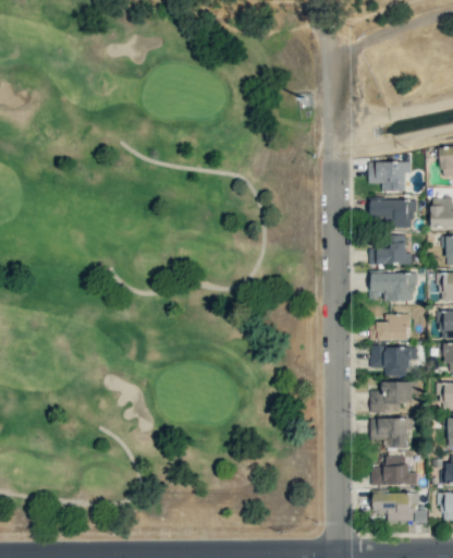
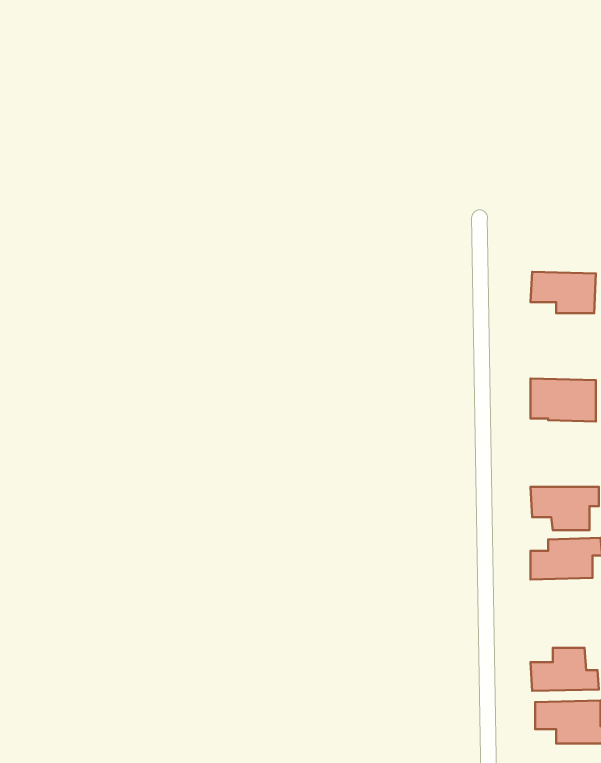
building: [368,161,411,192] -> none
building: [369,235,412,265] -> none
building: [370,314,411,340] -> none
building: [371,418,412,448] -> none

